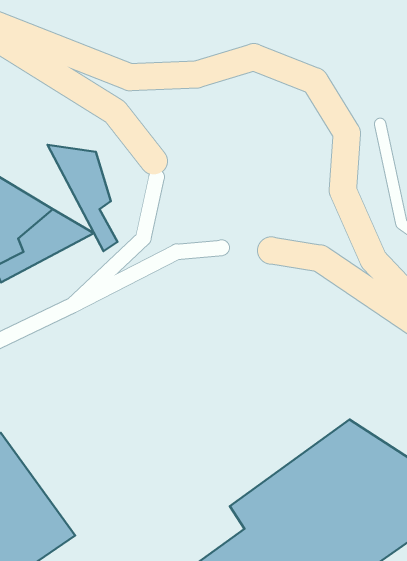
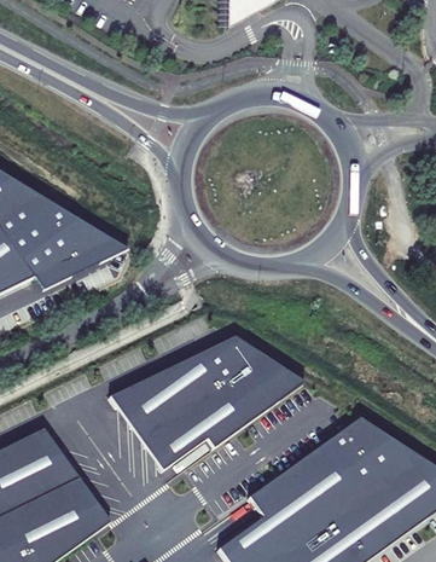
building: [47,145,118,251] -> none
building: none -> [110,336,304,469]

